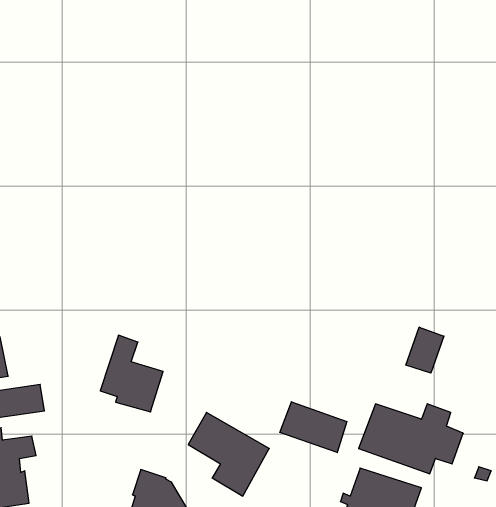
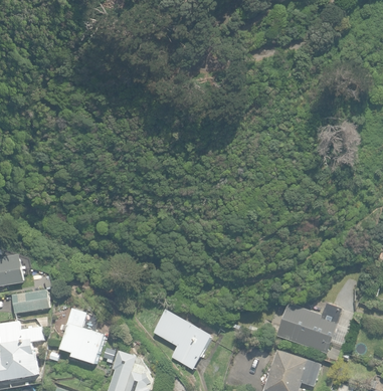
building: [406,327,444,373] -> none
building: [100,335,163,412] -> [59,308,105,363]
building: [280,402,347,453] -> none

